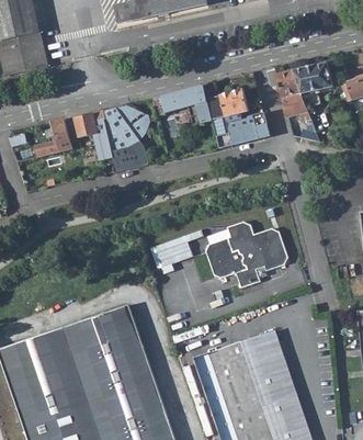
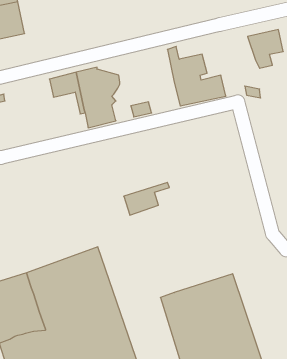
building: [275,70,307,116] -> none
building: [152,84,212,125] -> none
building: [36,120,72,156] -> none
building: [204,221,286,287] -> none

